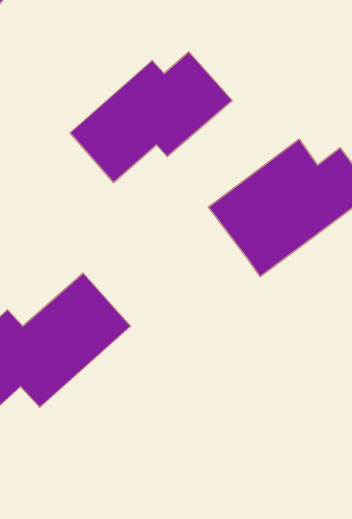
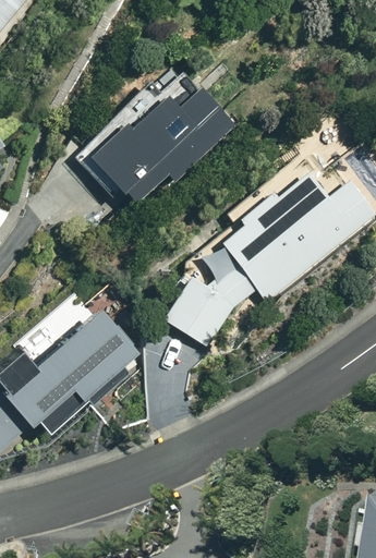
building: none -> [160,234,258,347]

